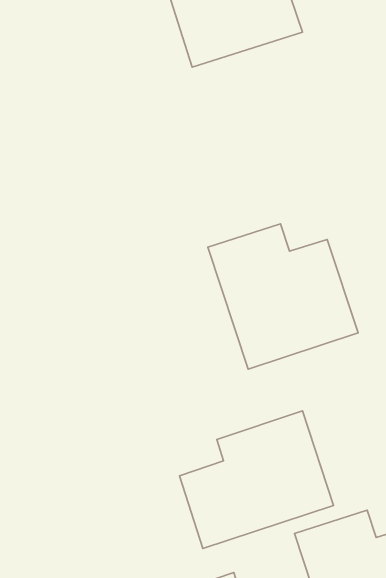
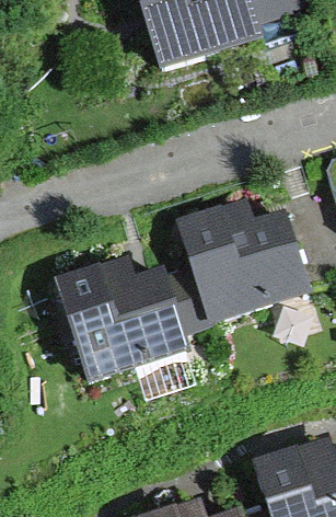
building: none -> [57,257,184,380]
building: [179,411,334,549] -> none

